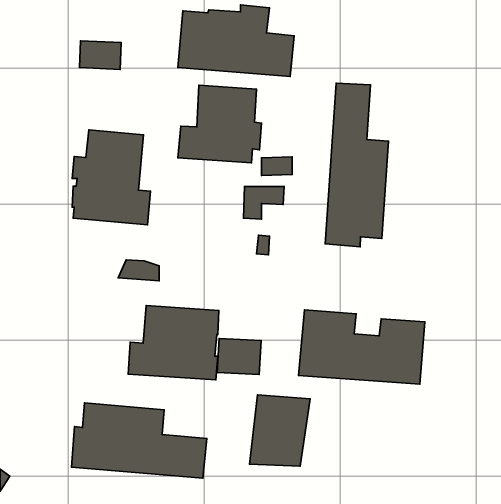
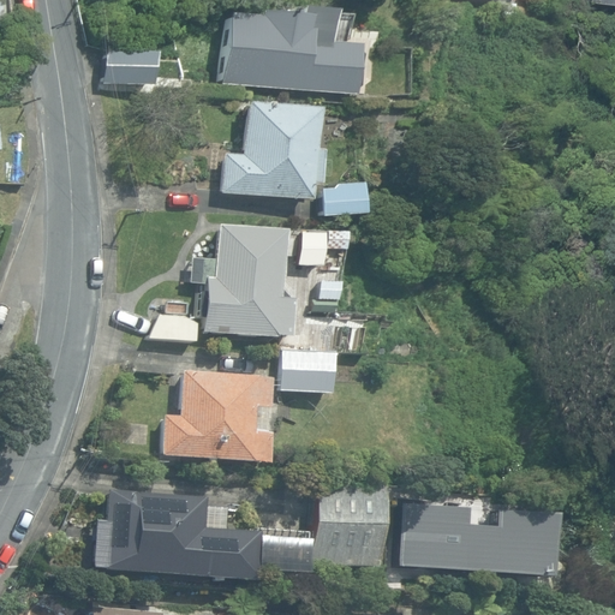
building: [325,83,388,247] -> none
building: [72,130,151,225] -> [202,222,297,338]
building: [299,310,425,384] -> [398,498,550,589]
building: [217,339,261,374] -> [281,347,334,390]

